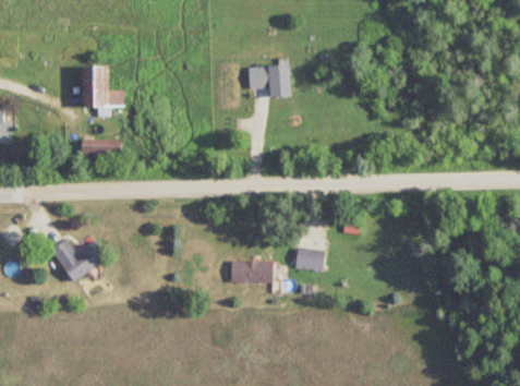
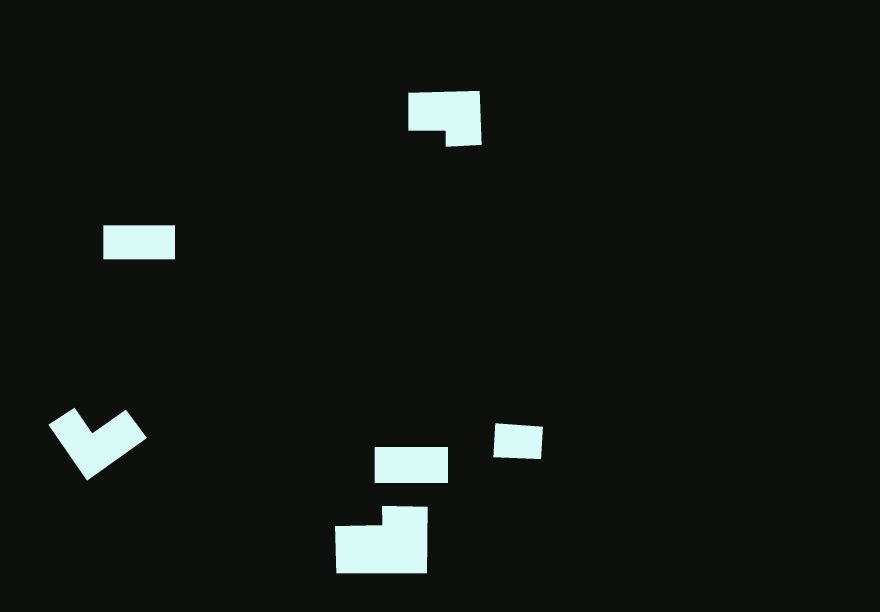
building: [80,64,123,116] -> none
building: none -> [334,505,429,574]

